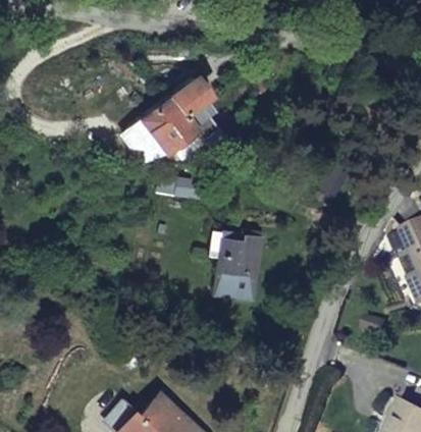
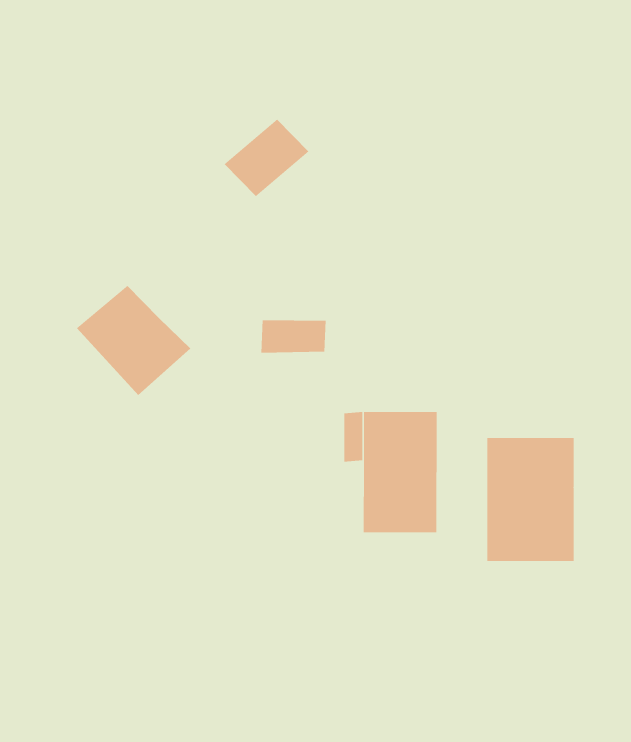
building: [130,98,190,156] -> [76,285,191,396]
building: none -> [487,437,574,562]

